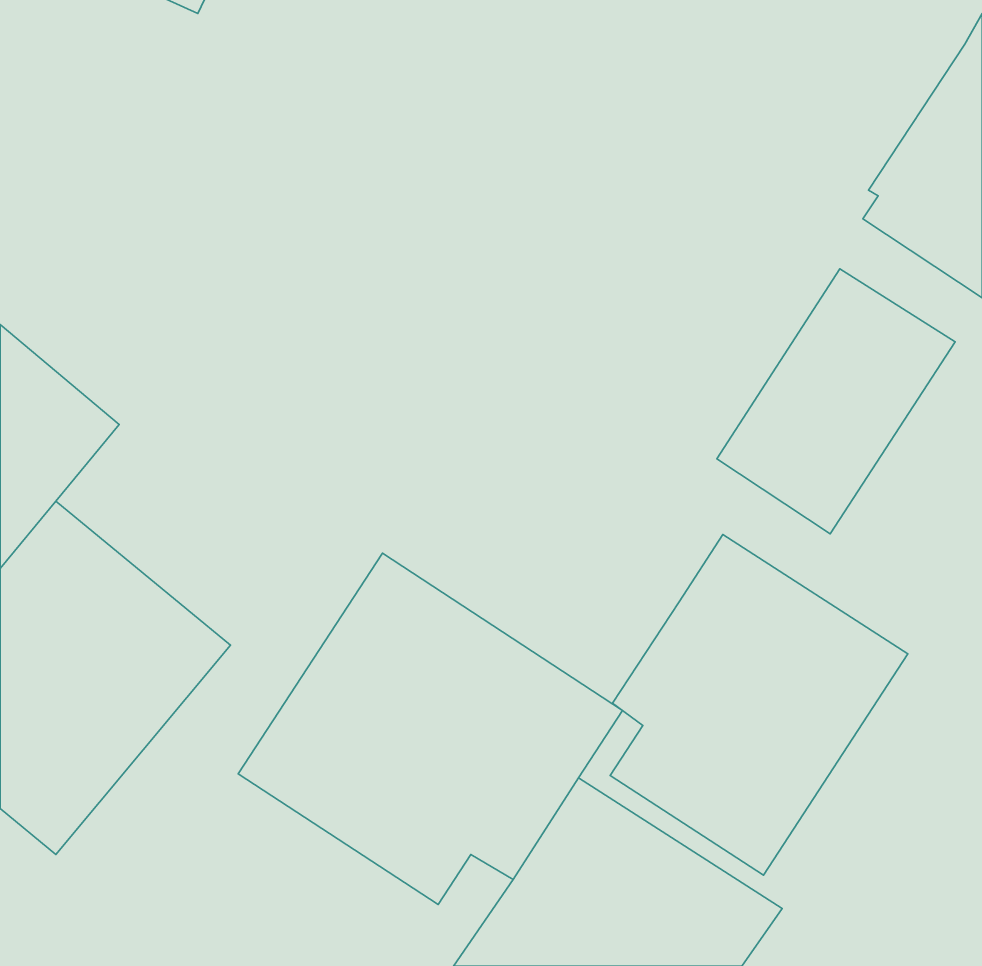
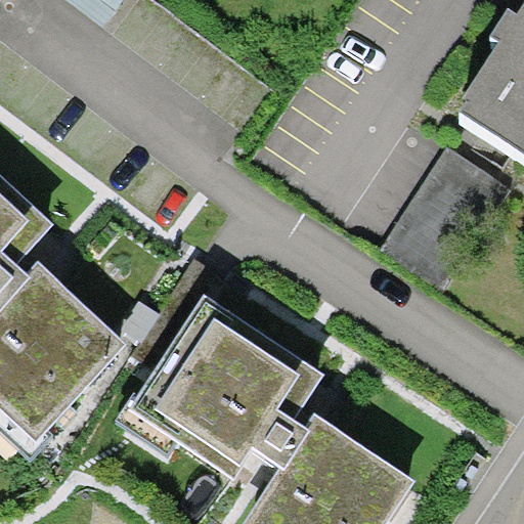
building: [610,534,908,875] -> none

